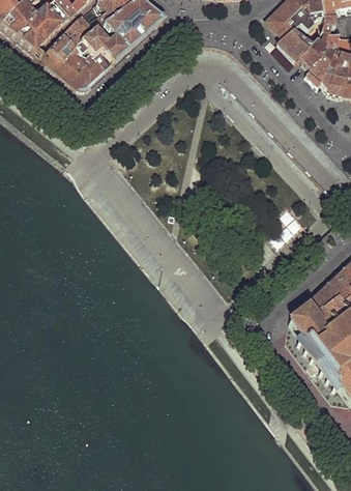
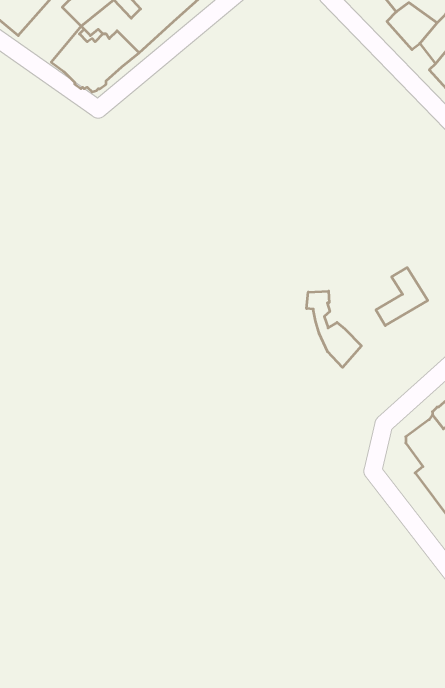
building: [40,33,76,69] -> none
building: none -> [307,291,361,367]

